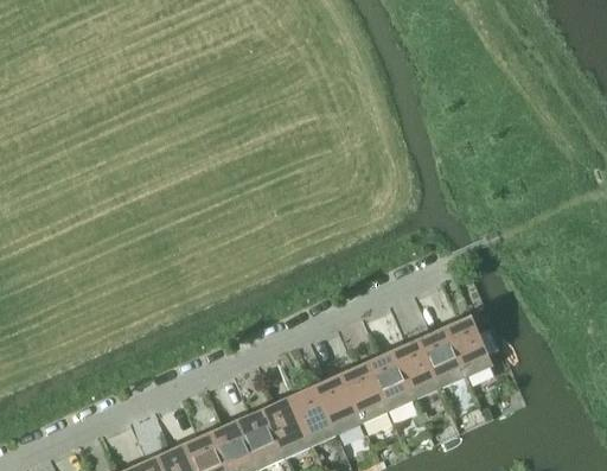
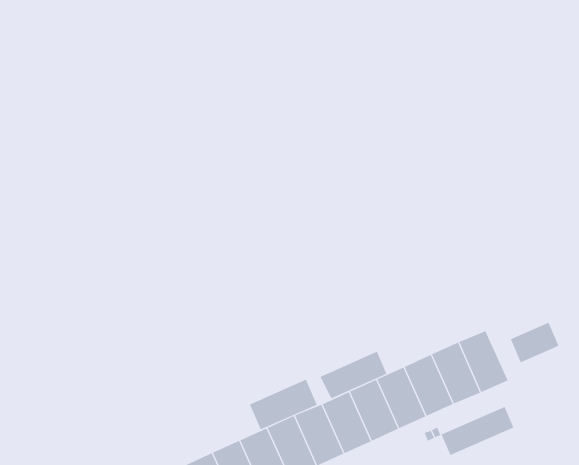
building: none -> [510,322,559,363]
building: none -> [320,351,387,399]
building: none -> [249,379,317,430]
building: none -> [441,406,514,456]

